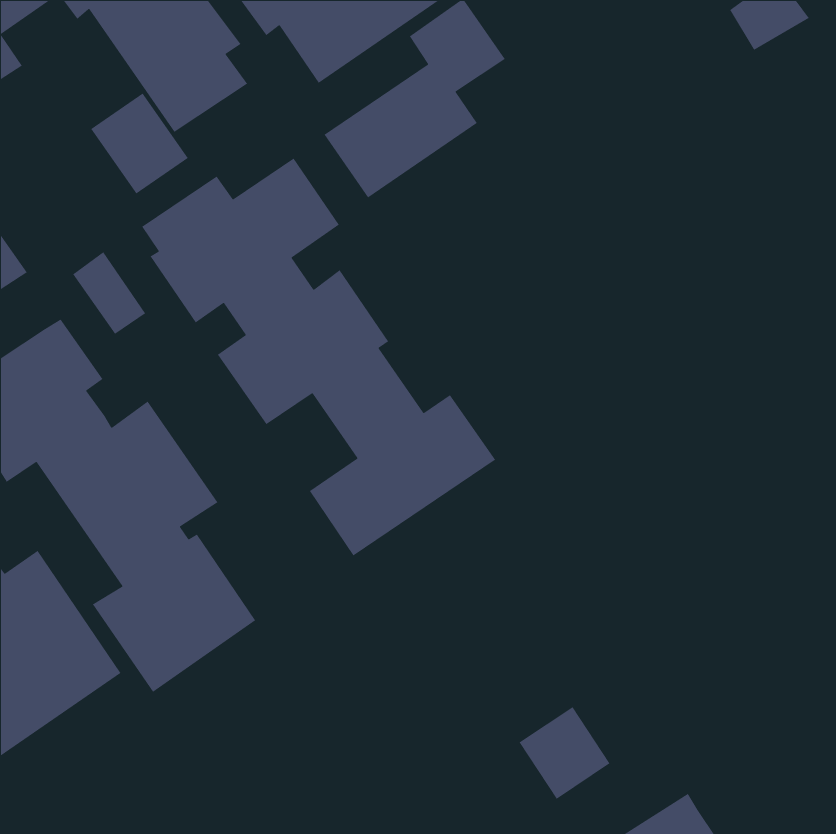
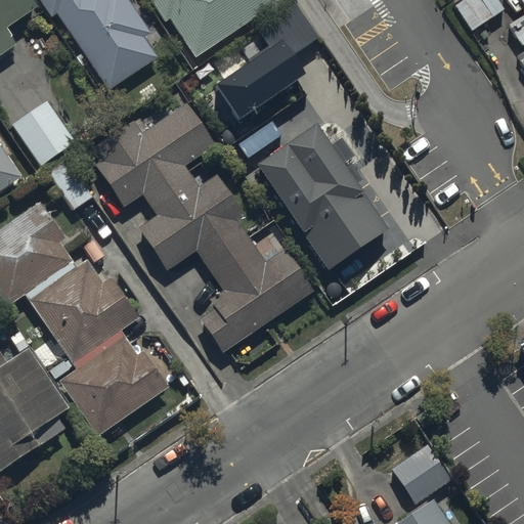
building: [90,93,189,194] -> [12,98,74,162]
building: none -> [255,120,389,270]
building: [519,706,611,800] -> [391,445,448,504]

